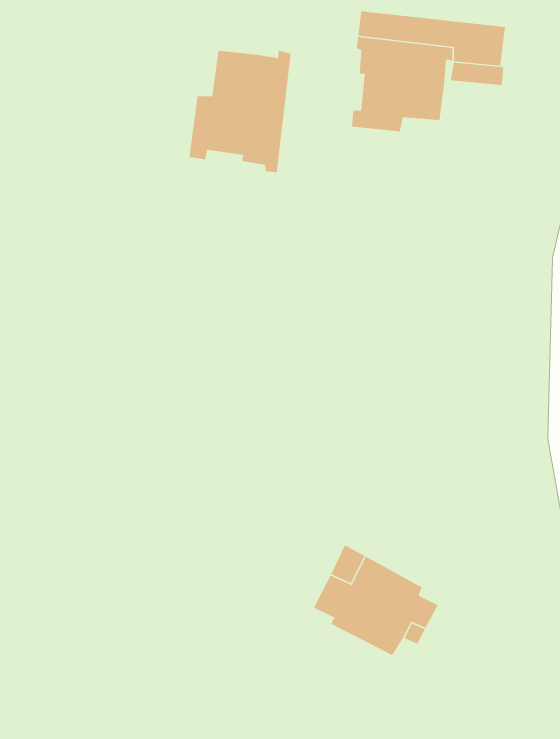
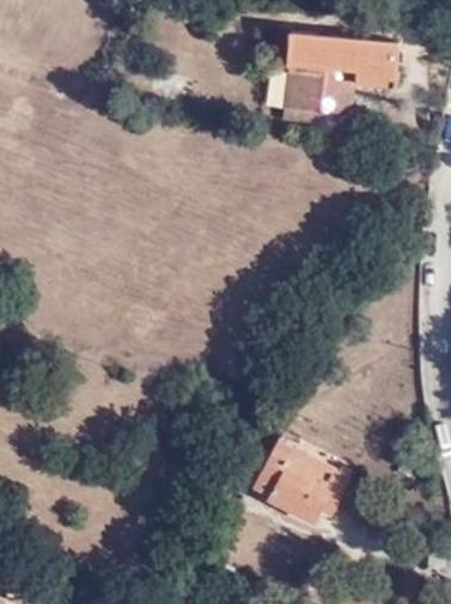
building: [189,49,291,173] -> none

